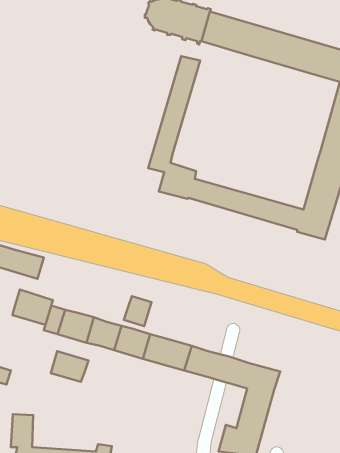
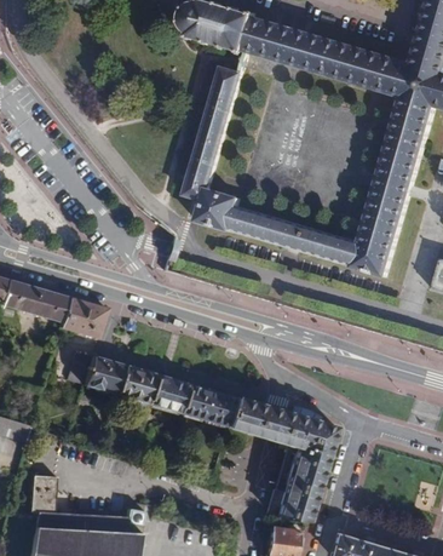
building: [12,290,53,325] -> [58,297,104,337]
building: [124,296,151,326] -> none
building: [51,351,88,382] -> none

